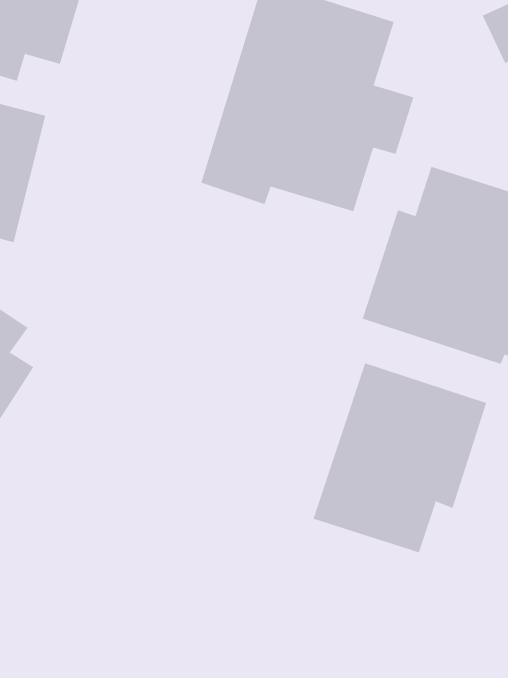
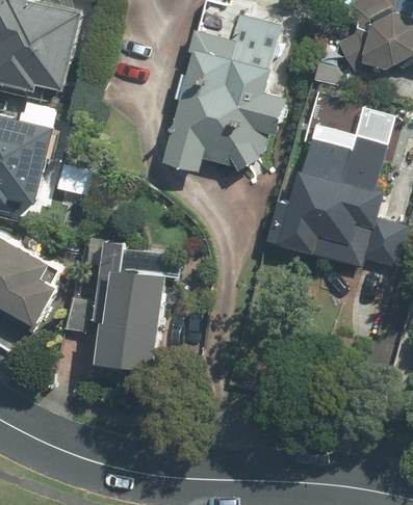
building: none -> [62,241,164,386]
building: [313,363,487,553] -> none

